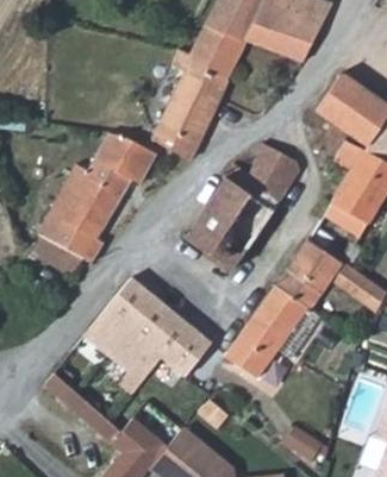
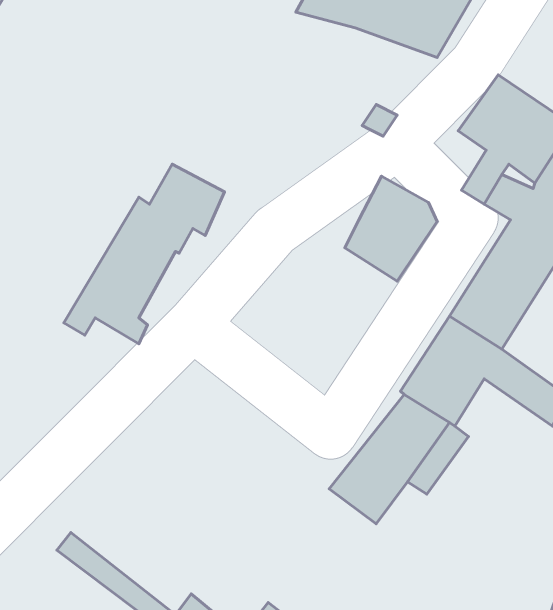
building: [150,29,243,157] -> none
building: [185,163,271,270] -> none
building: [86,277,210,395] -> none

